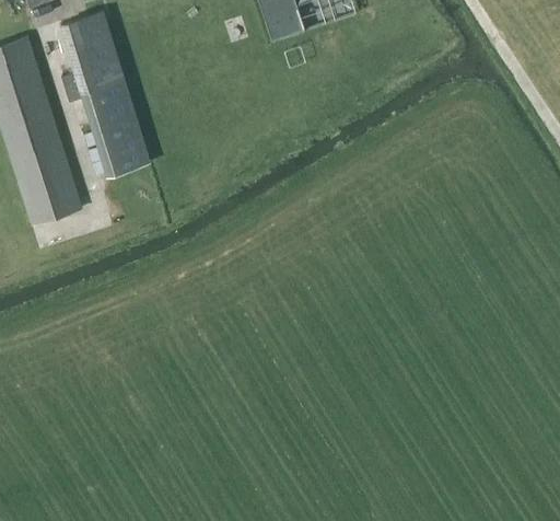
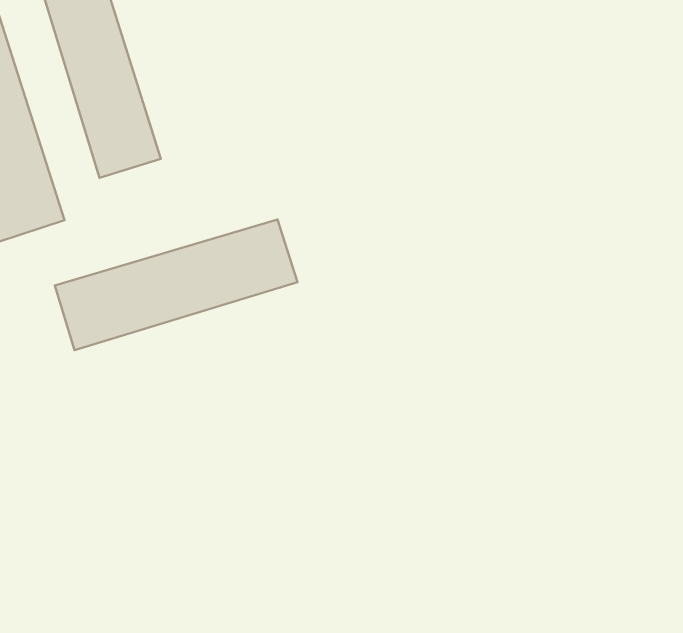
building: none -> [55,219,297,350]

